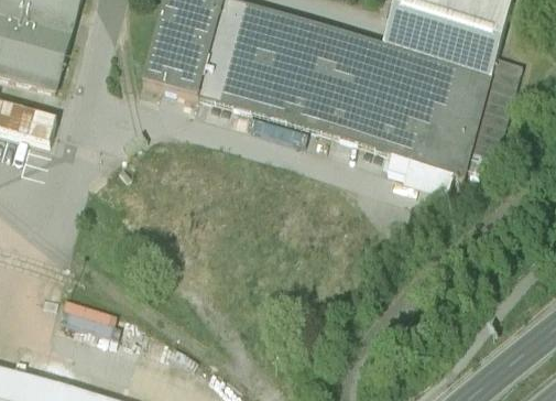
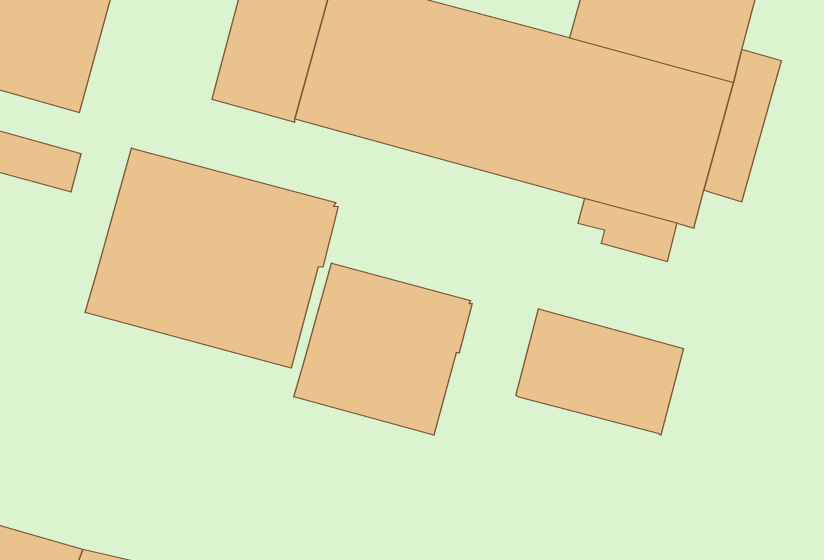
building: none -> [85,148,338,368]
building: none -> [294,263,472,435]
building: none -> [516,309,683,435]

